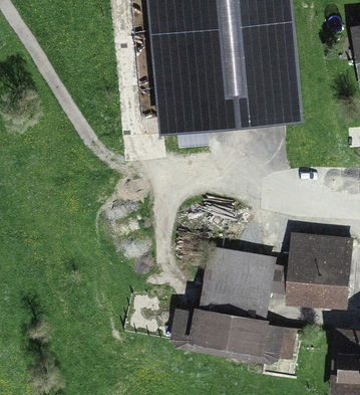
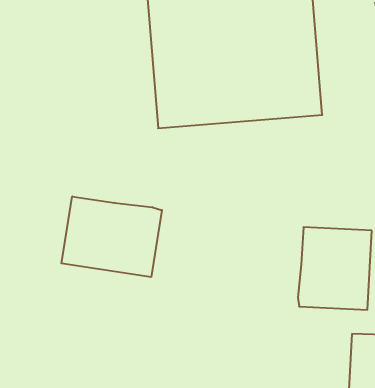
building: none -> [61,196,162,277]
building: [171,246,288,358] -> none

